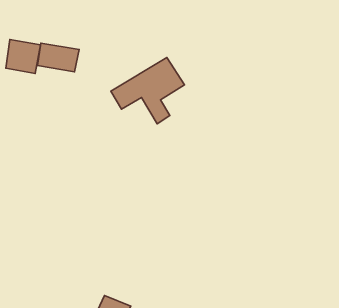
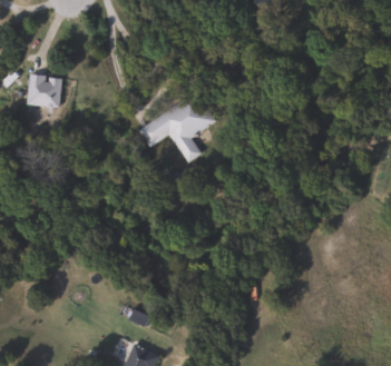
building: [37,43,79,72] -> none

